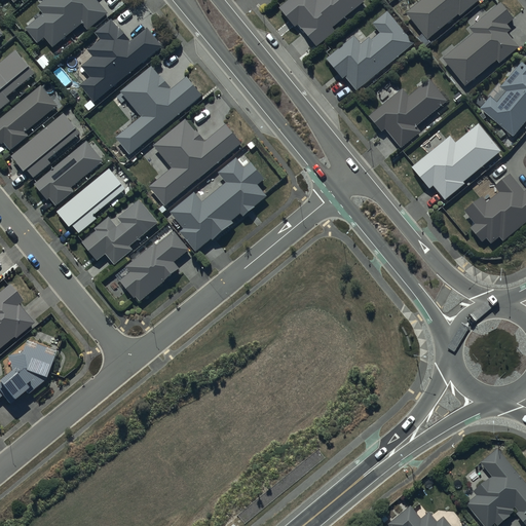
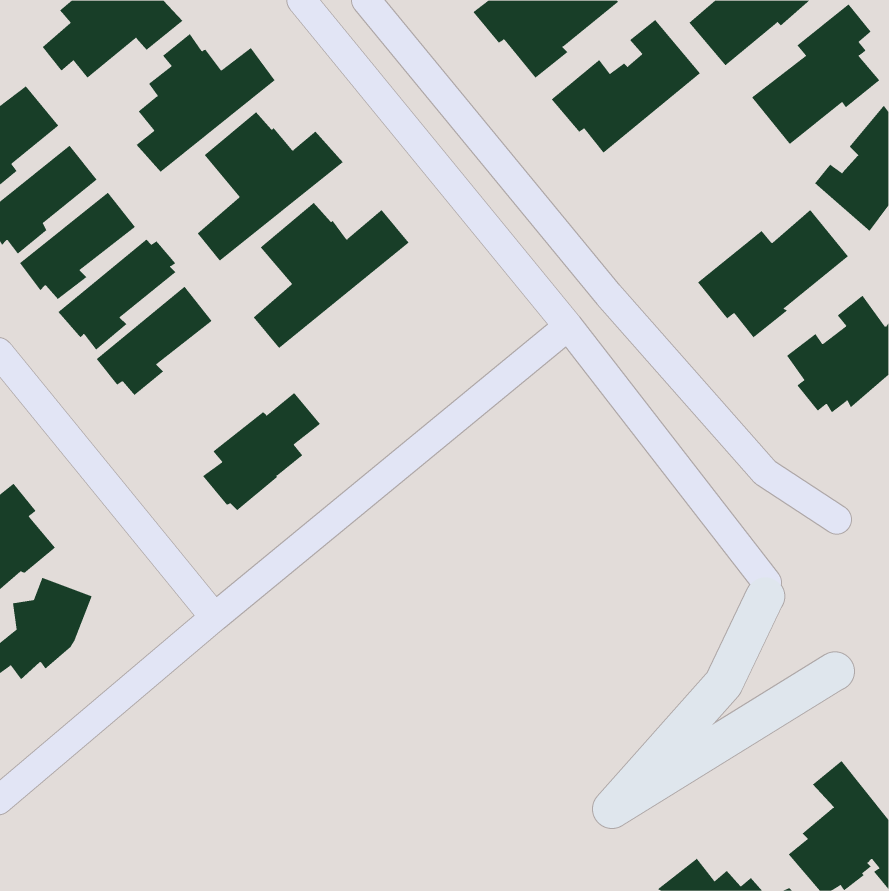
building: [369,79,447,148] -> none
building: [170,158,267,252] -> none
building: [82,199,158,264] -> none

